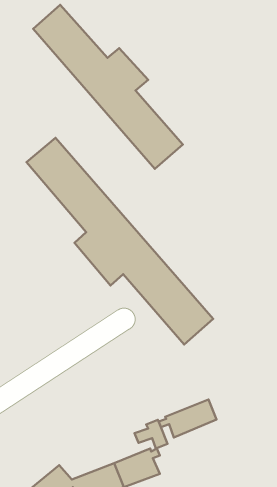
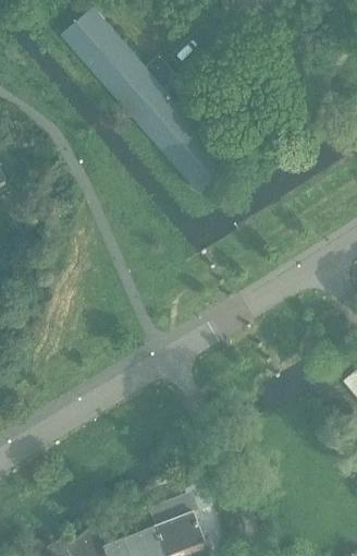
building: [27,138,213,344] -> none
building: [159,399,217,437] -> none

